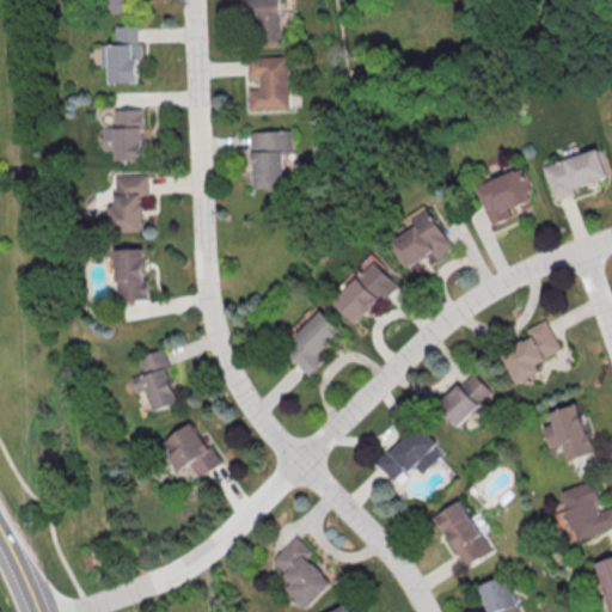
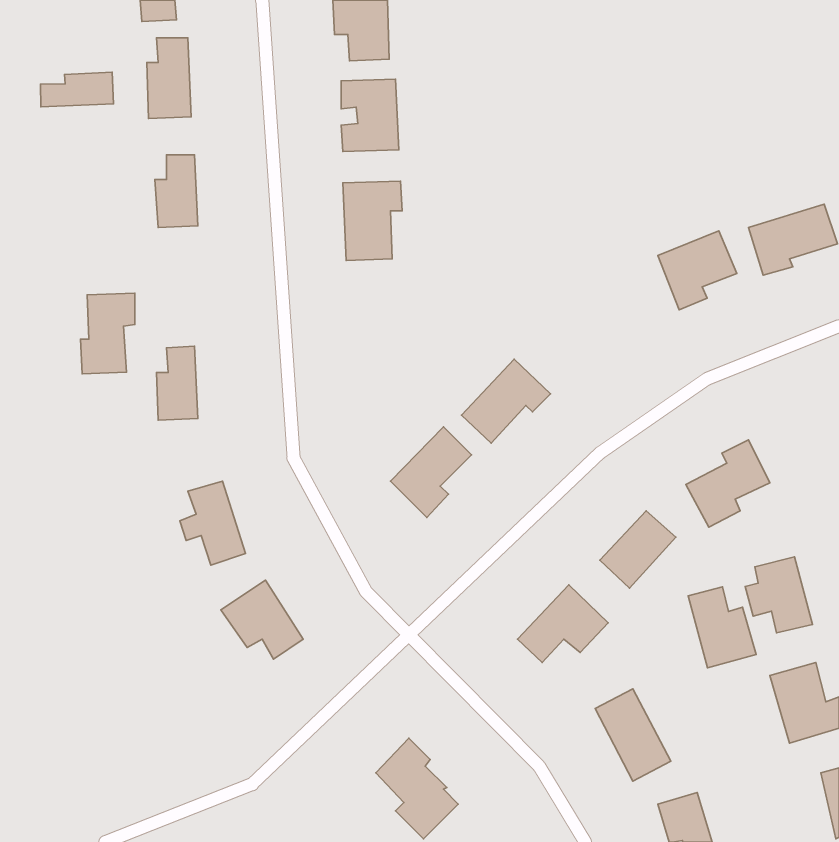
building: none -> [40,72,113,107]
building: [108,176,147,234] -> [80,293,135,374]
building: [391,208,453,267] -> none
building: none -> [688,587,756,668]

